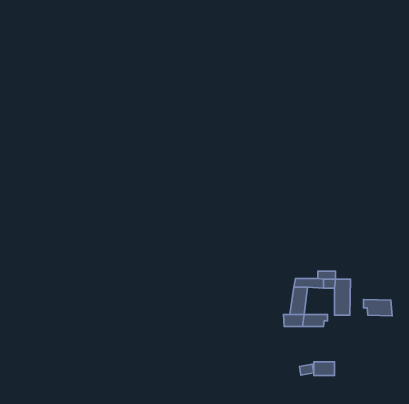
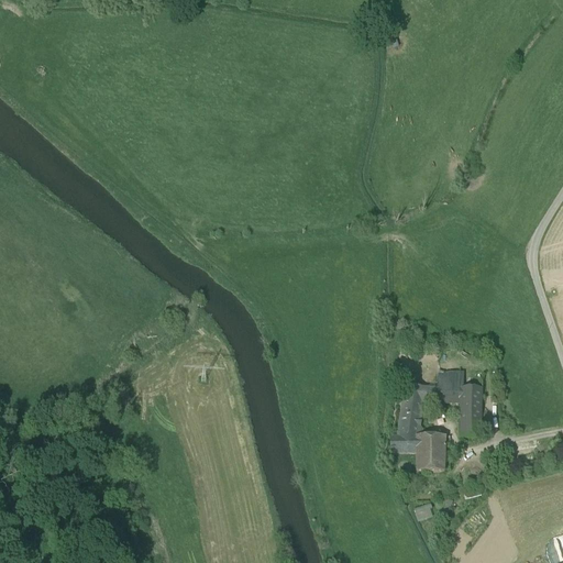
building: [363,300,392,316] -> none
building: [314,362,335,375] -> [416,449,444,467]

